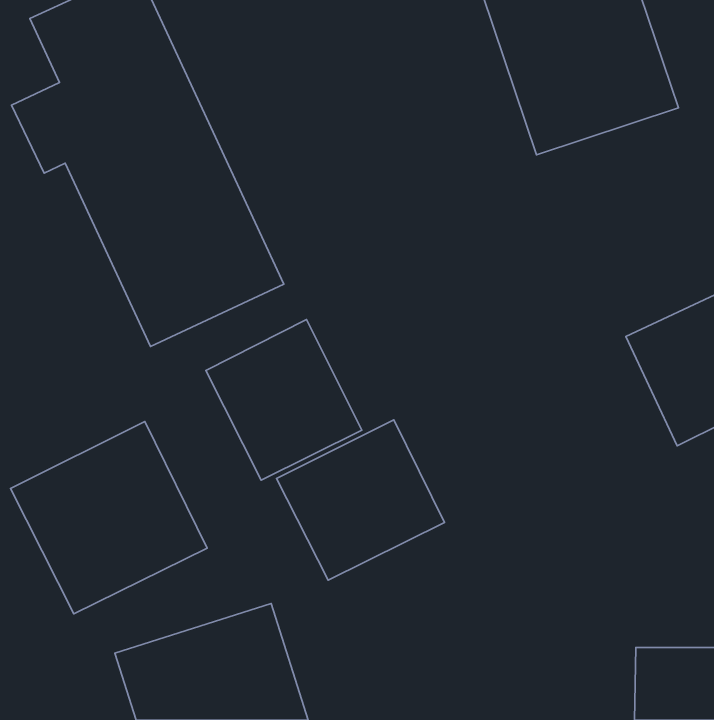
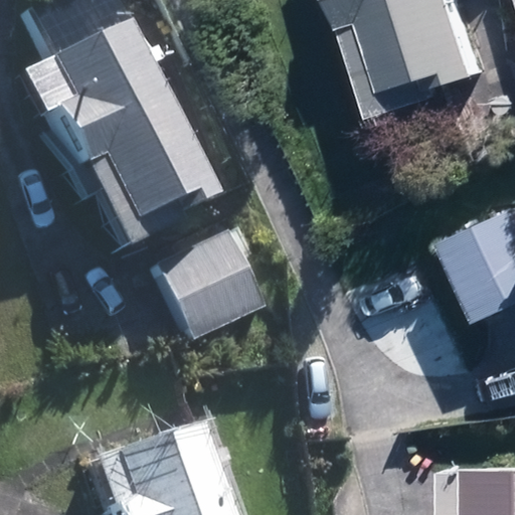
building: [277,420,444,580] -> none
building: [11,421,207,614] -> none

